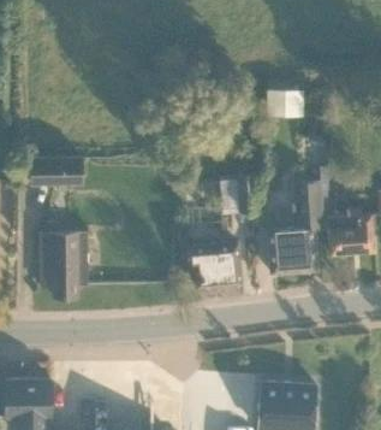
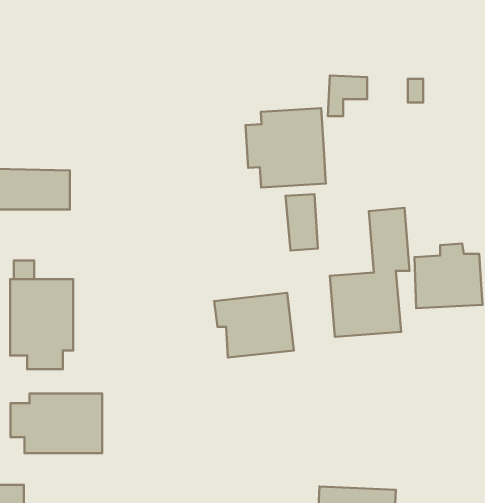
building: none -> [246,108,326,188]
building: none -> [11,393,102,453]

